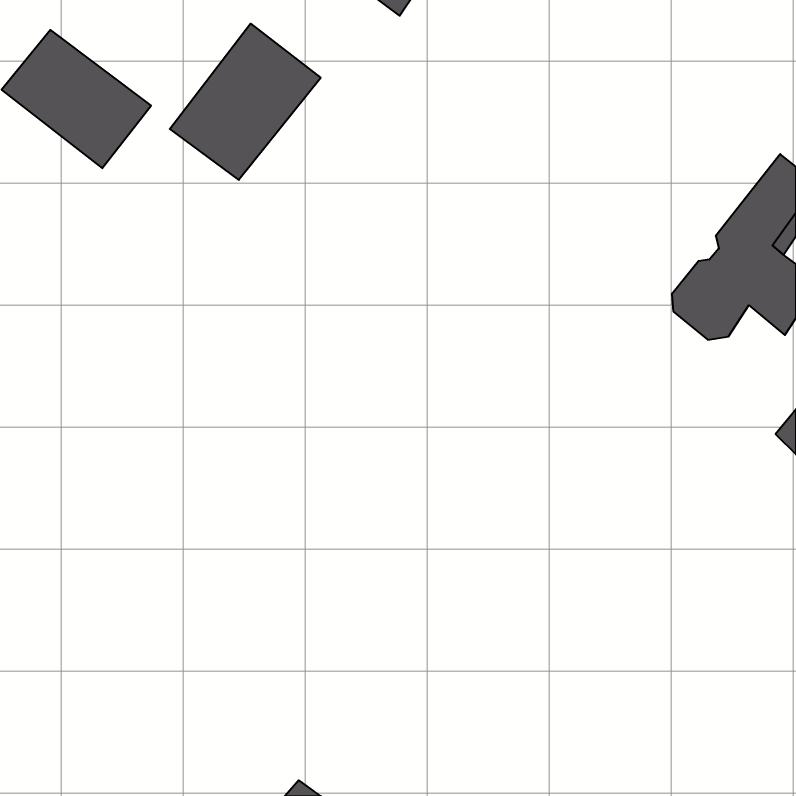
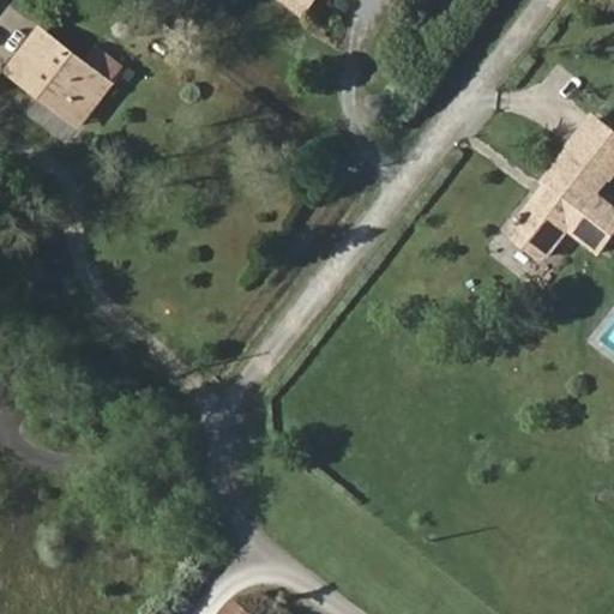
building: [170,24,321,180] -> none

